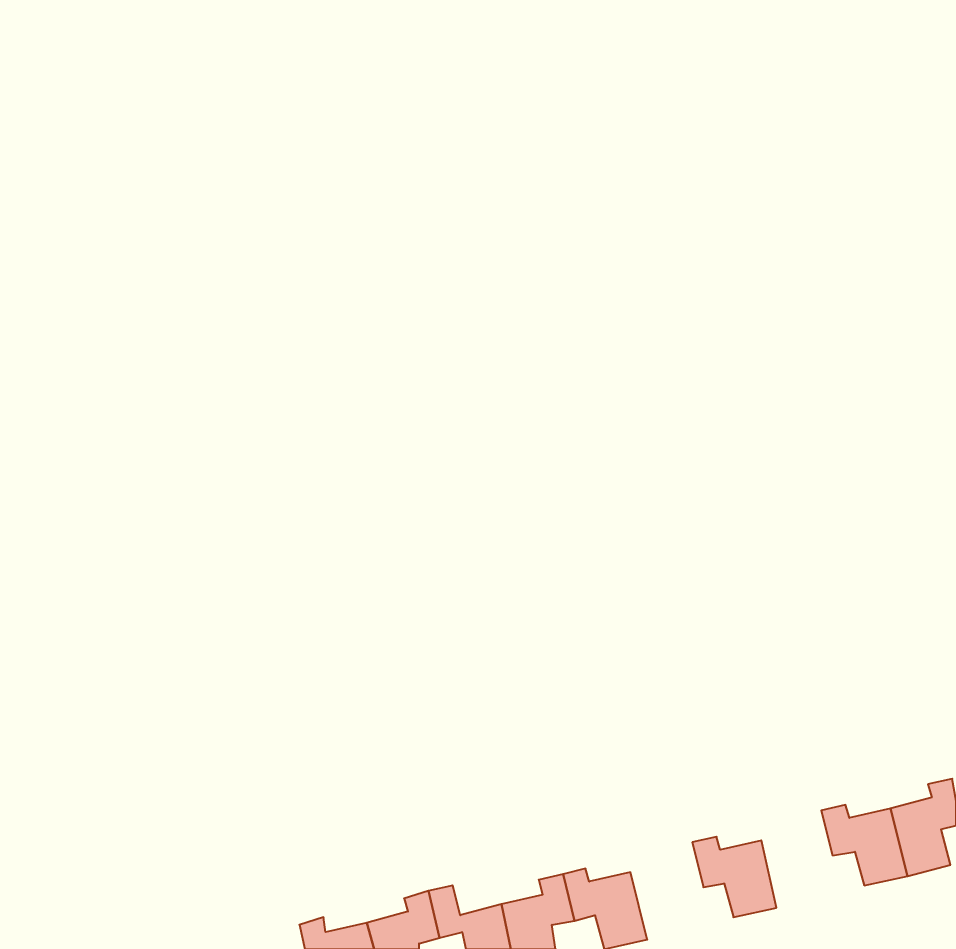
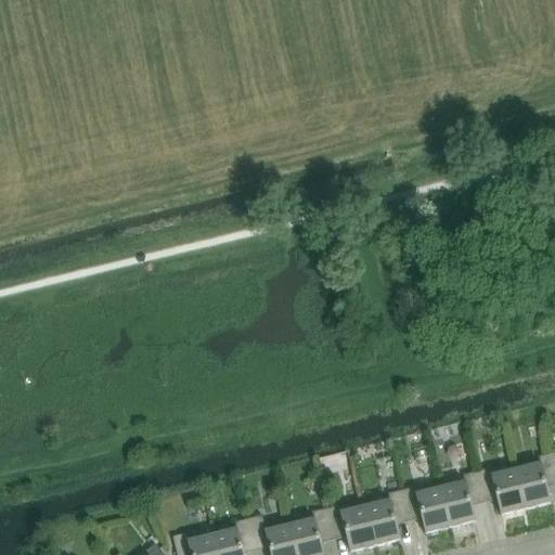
building: none -> [441,469,482,526]
building: none -> [365,488,408,544]

